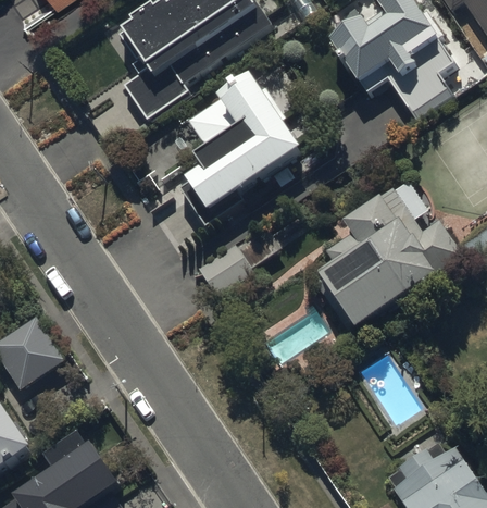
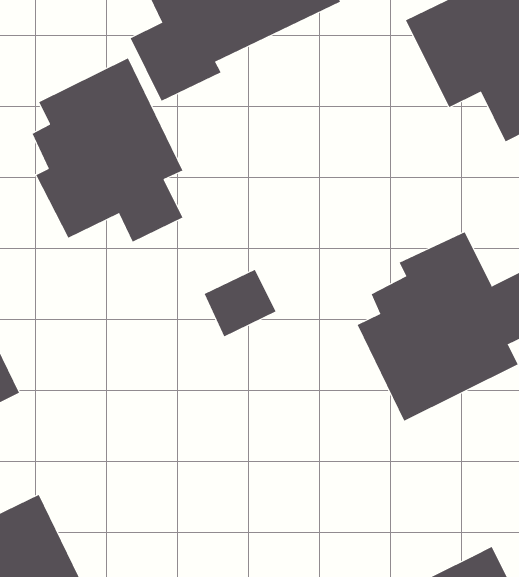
building: [180,71,308,226] -> none
building: none -> [32,57,183,242]

